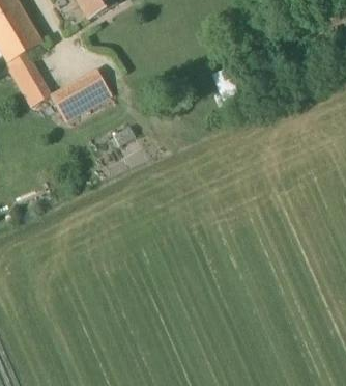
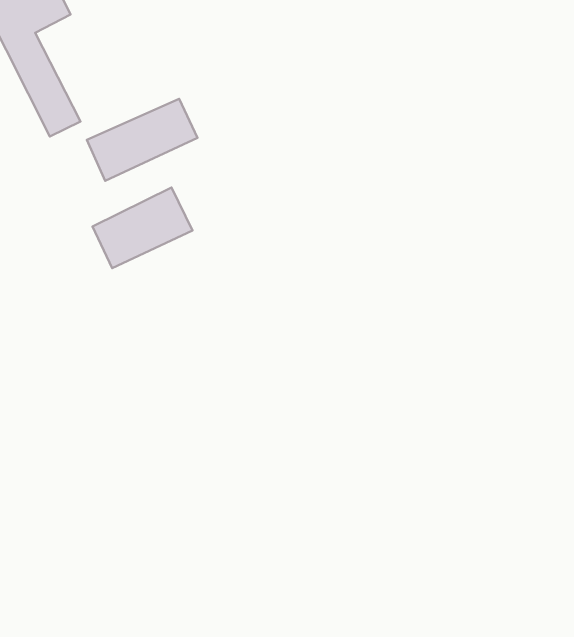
building: none -> [93,188,193,268]

